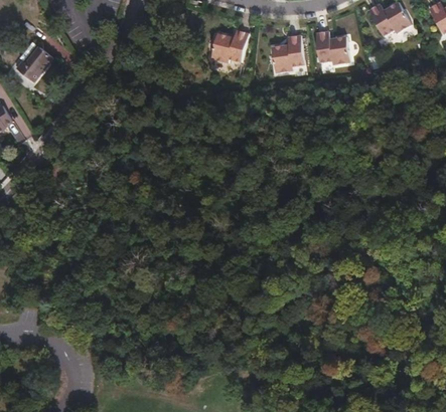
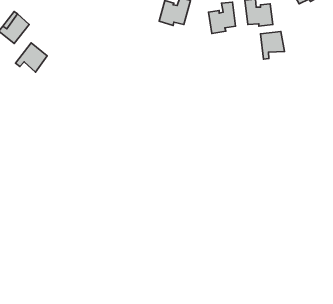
building: none -> [260,32,284,59]
building: none -> [15,43,47,72]

